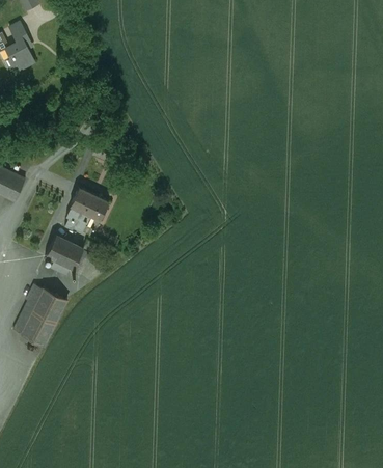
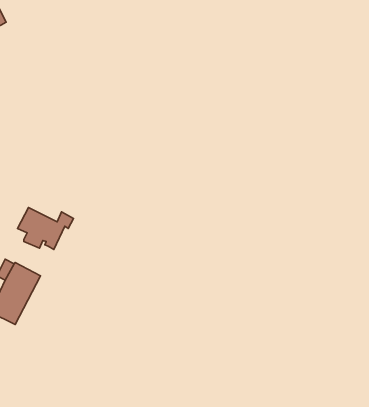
building: [64,186,109,231] -> none

